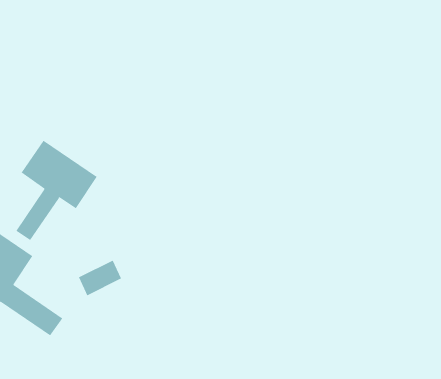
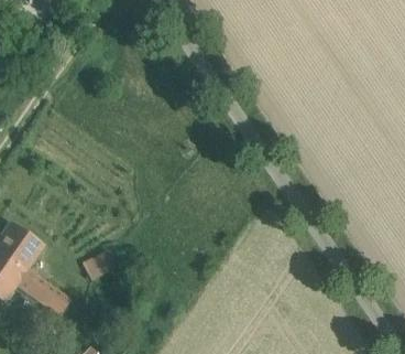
building: [16,140,97,241] -> none

